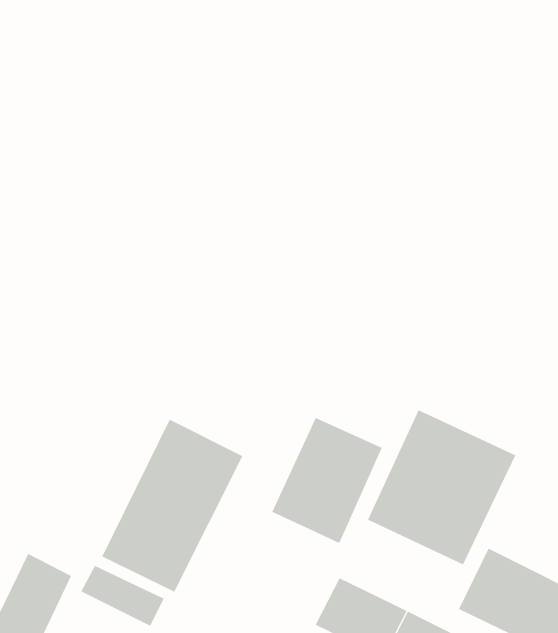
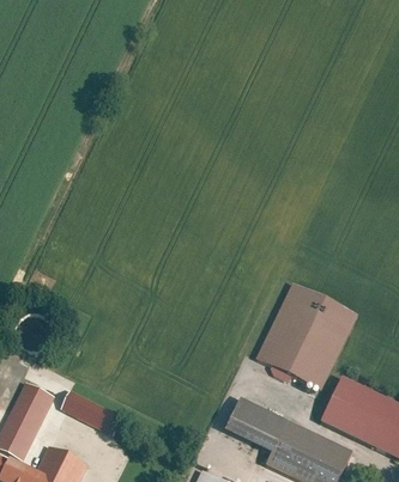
building: [271,417,382,544] -> none
building: [101,419,243,592] -> none

